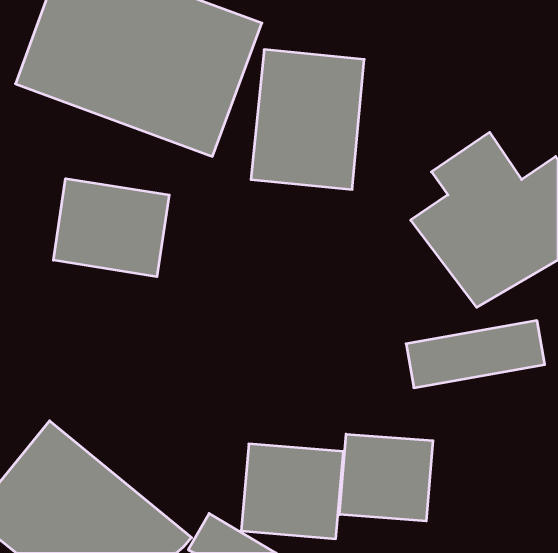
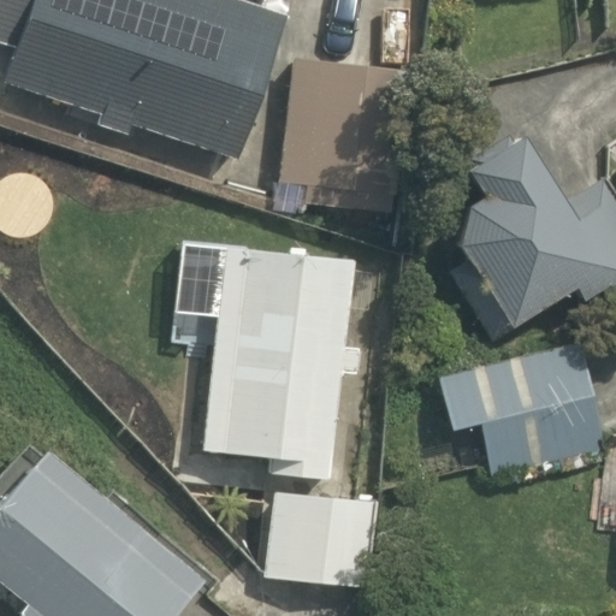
building: [53,179,169,277] -> none
building: none -> [201,236,357,467]
building: [340,434,433,521] -> none

